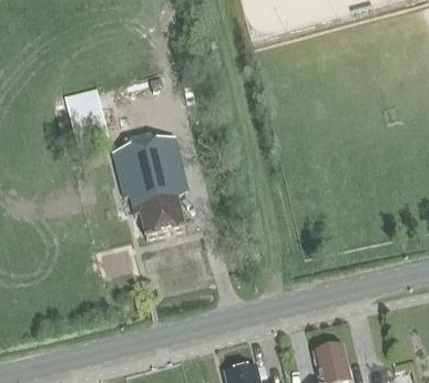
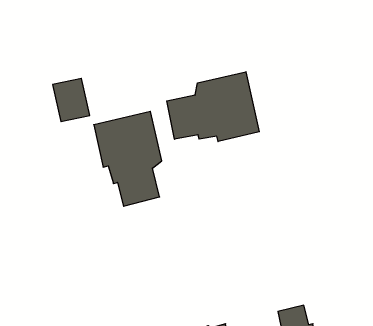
building: none -> [167,72,259,142]

